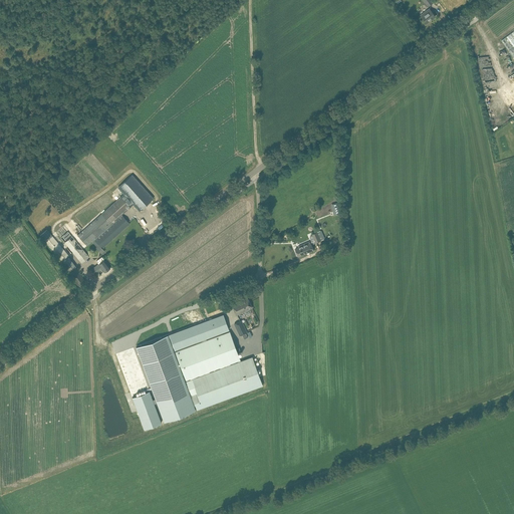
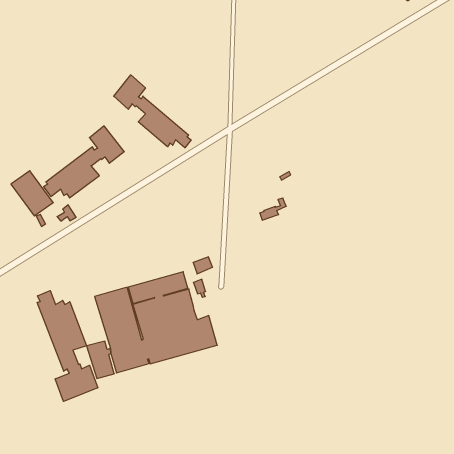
building: none -> [114,75,191,148]
building: none -> [37,291,98,401]

